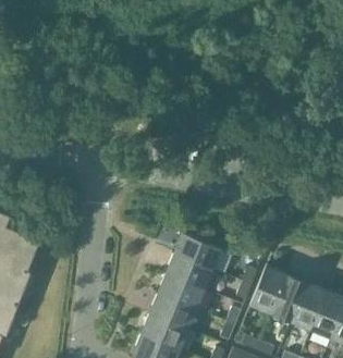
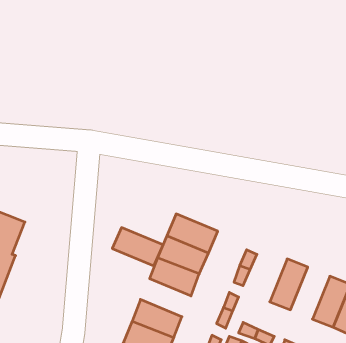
building: [249,267,286,316] -> none
building: [290,283,327,332] -> none
building: [148,294,196,330] -> [112,228,163,266]

